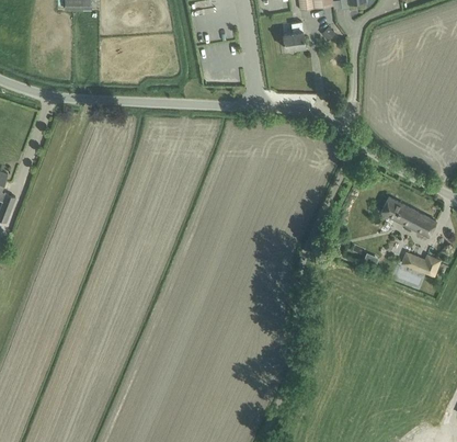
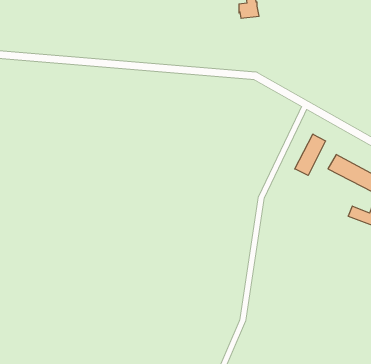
building: none -> [295,134,326,175]

